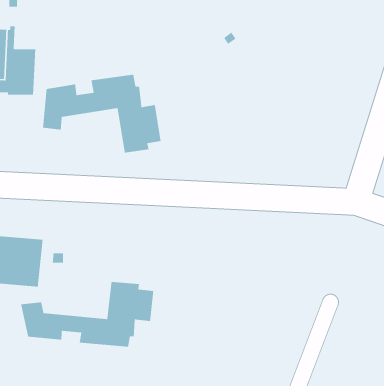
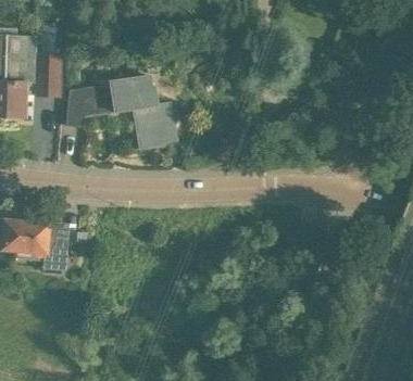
building: [20,281,154,347] -> none

